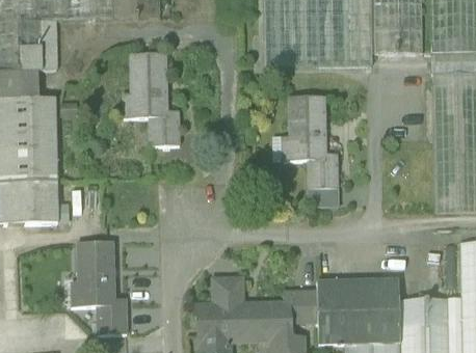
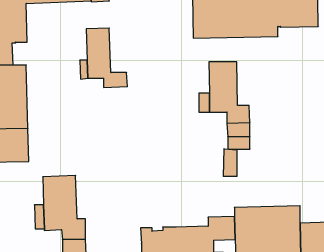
building: [151,127,182,146] -> none
building: none -> [223,149,237,176]
building: [212,276,242,309] -> none

